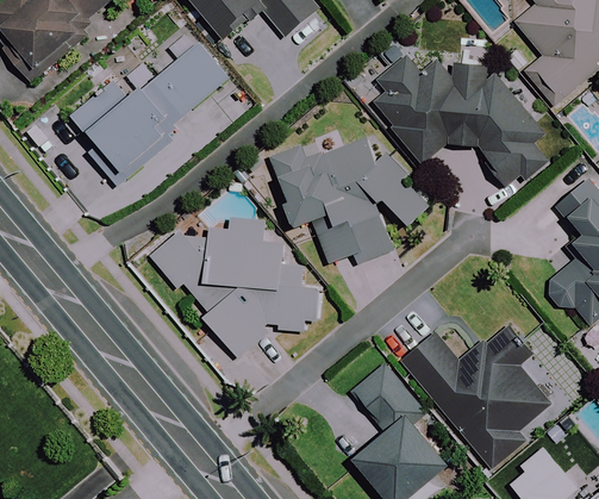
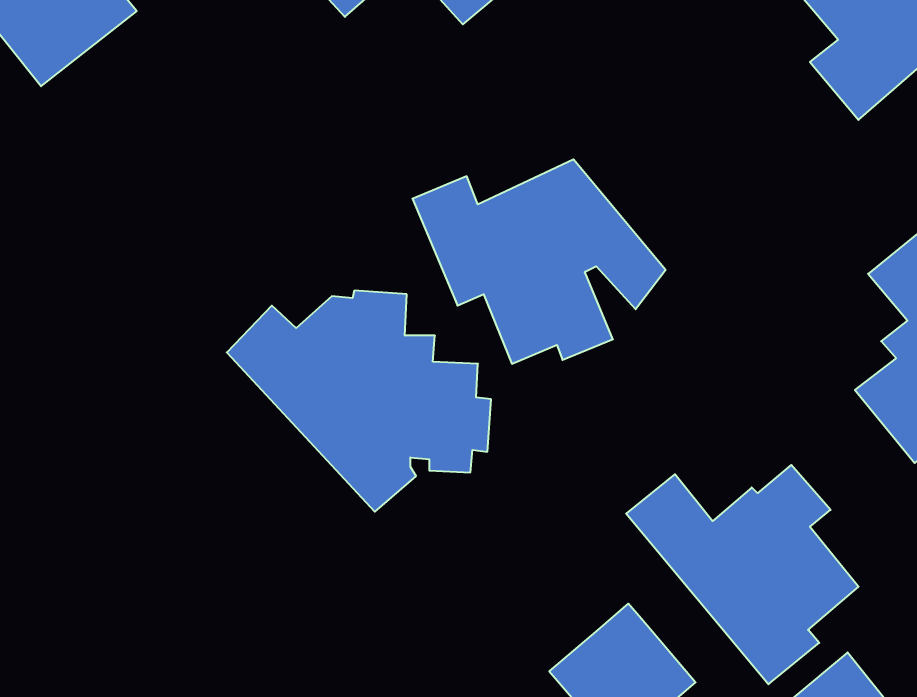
building: [70,40,232,186] -> none
building: [364,52,550,185] -> none
building: [352,364,425,430] -> none

